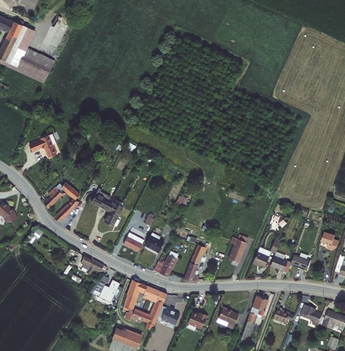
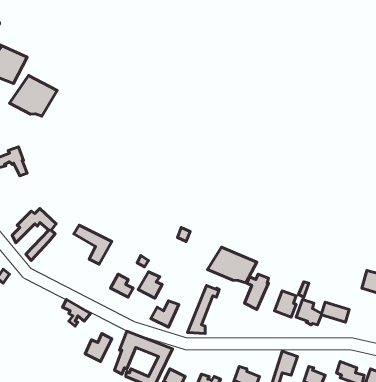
building: none -> [10,75,57,116]
building: none -> [207,247,257,283]

